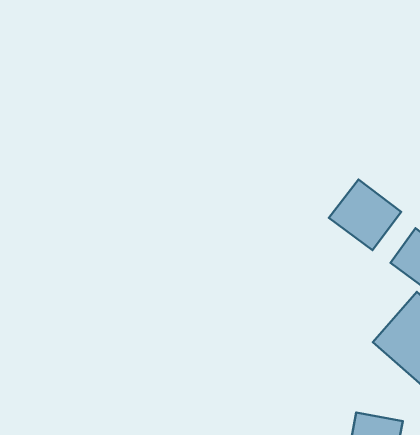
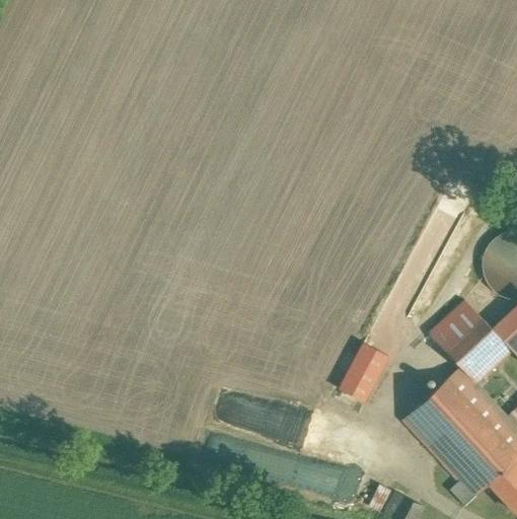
building: [329,179,401,250] -> none
building: none -> [342,347,389,402]

